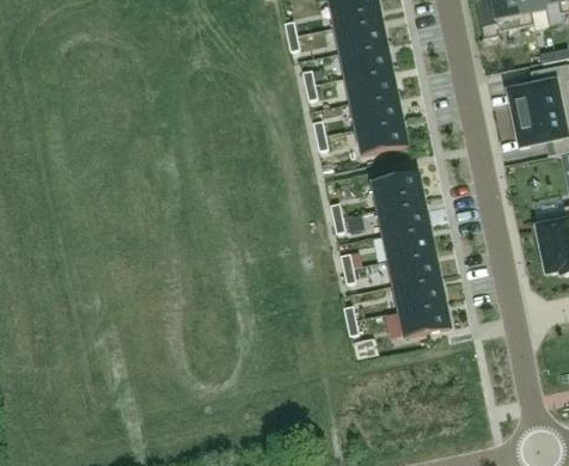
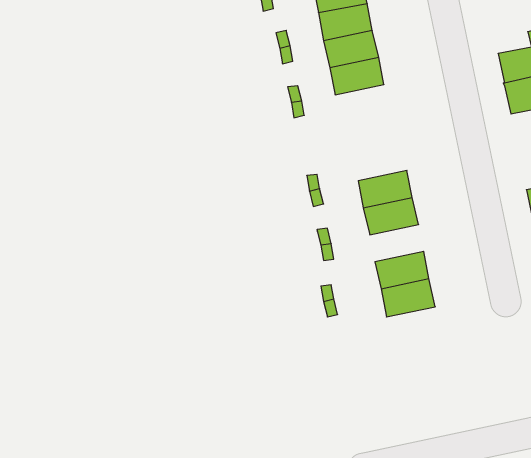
building: [356,116,408,152] -> none
building: [372,170,423,206] -> none
building: [388,246,439,281] -> none

